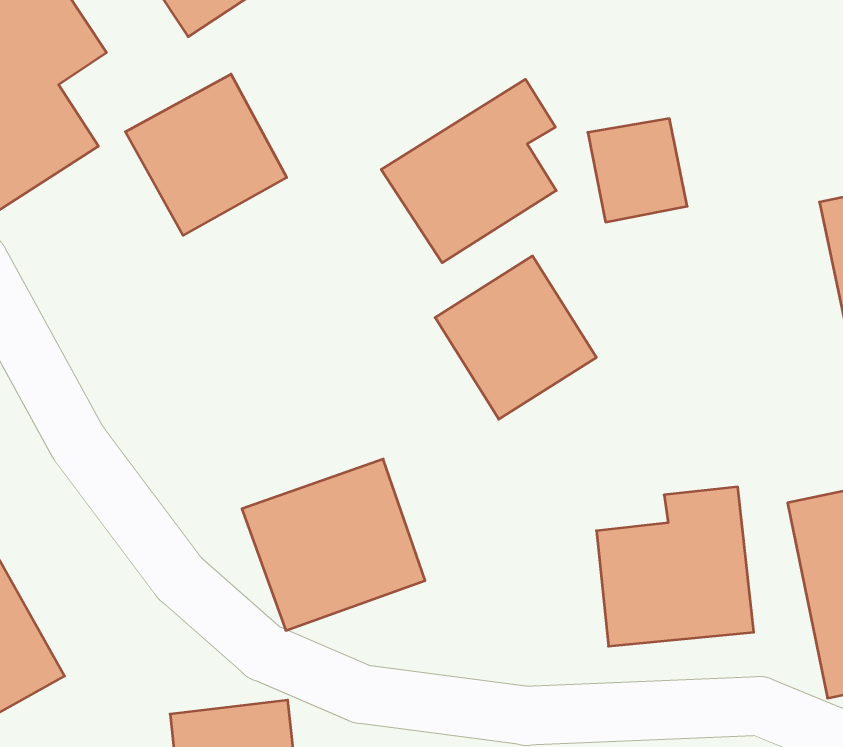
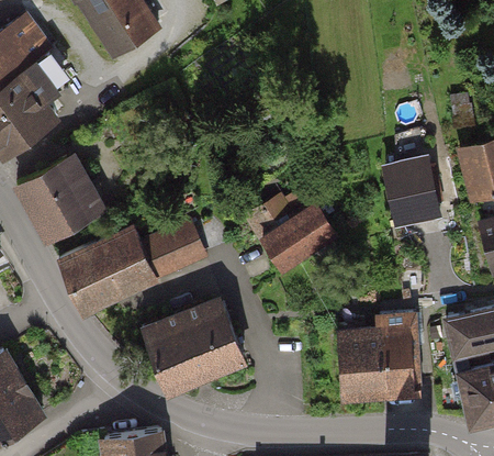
building: [125,74,287,235] -> [14,153,103,242]
building: [381,79,556,263] -> none
building: [588,119,687,222] -> [383,162,438,219]
building: none -> [60,223,206,312]

